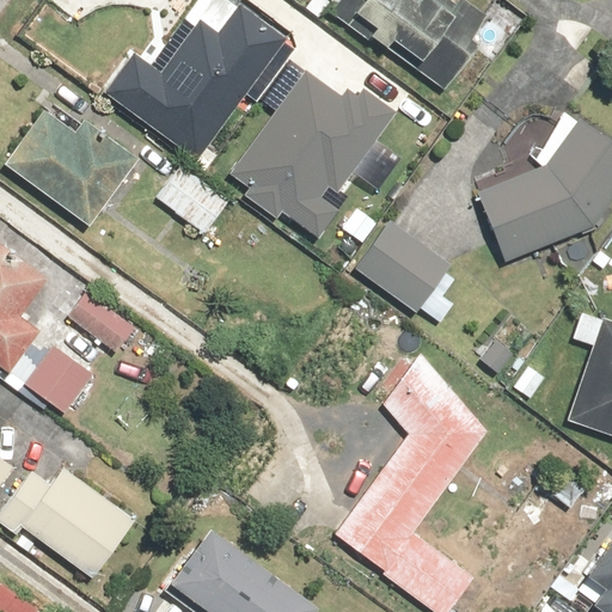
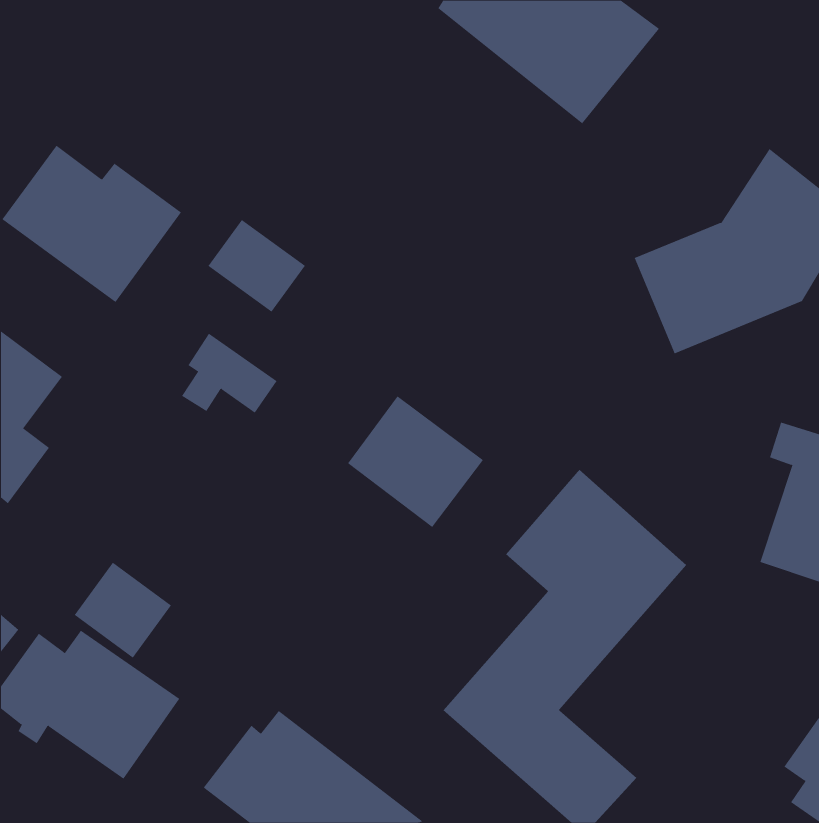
building: [105,5,286,160] -> none
building: [233,66,393,232] -> none
building: [347,220,448,318] -> [347,396,484,528]
building: [63,294,135,354] -> [181,333,278,414]
building: [24,343,97,415] -> [74,562,172,658]

